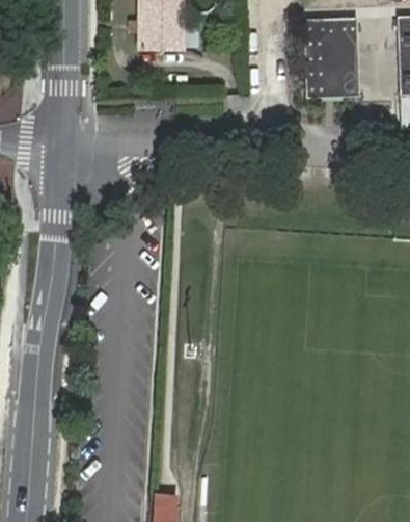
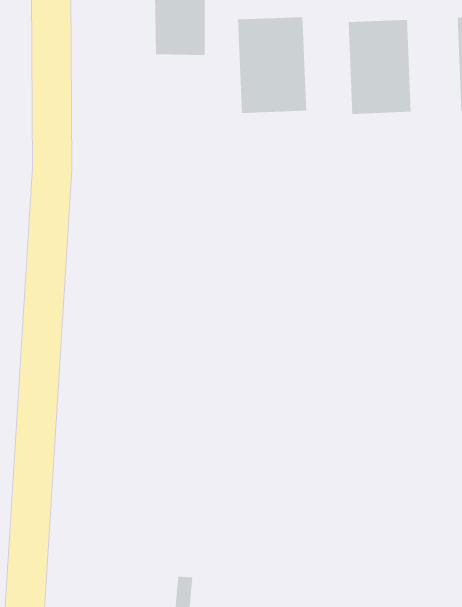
building: none -> [237,16,307,114]

